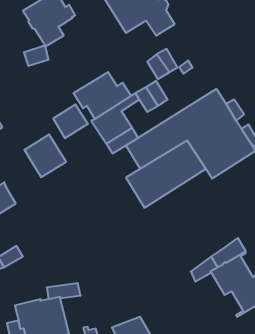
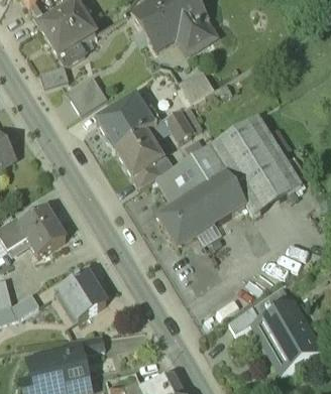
building: [53,104,88,138] -> [68,76,107,114]
building: [24,134,66,177] -> [18,207,66,255]
building: none -> [60,272,106,318]

